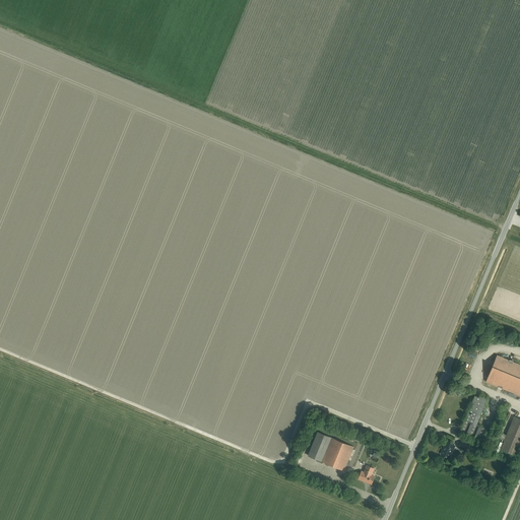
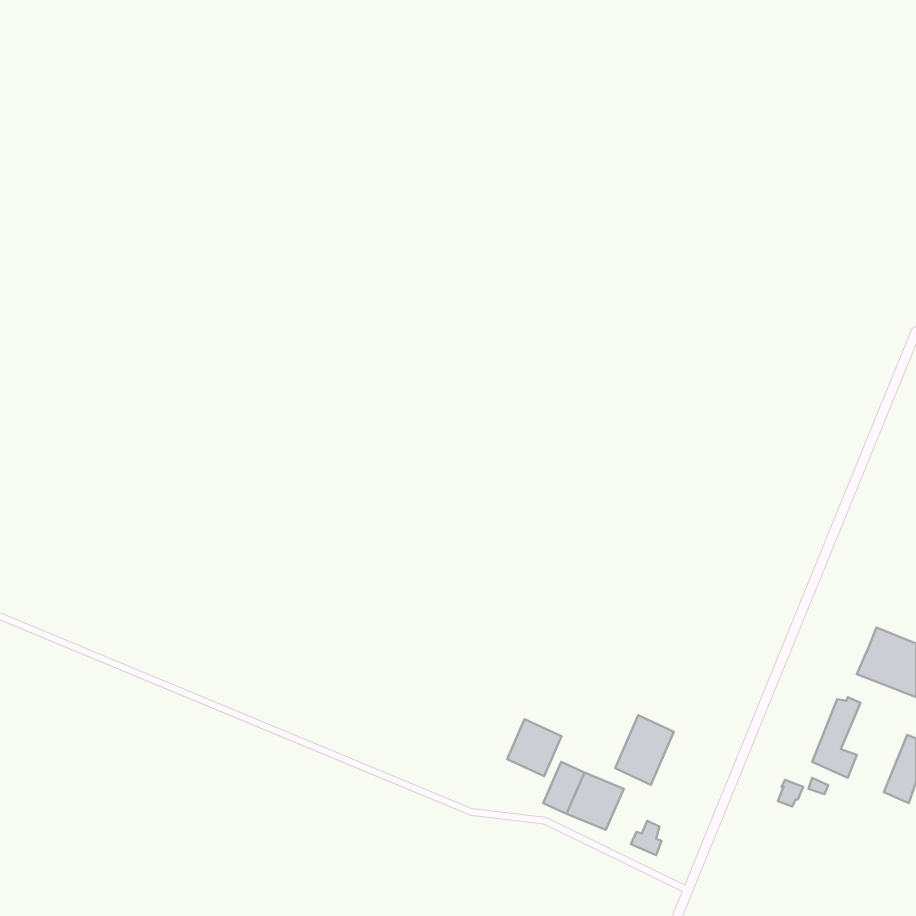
building: none -> [615,715,674,785]
building: none -> [507,719,562,776]

